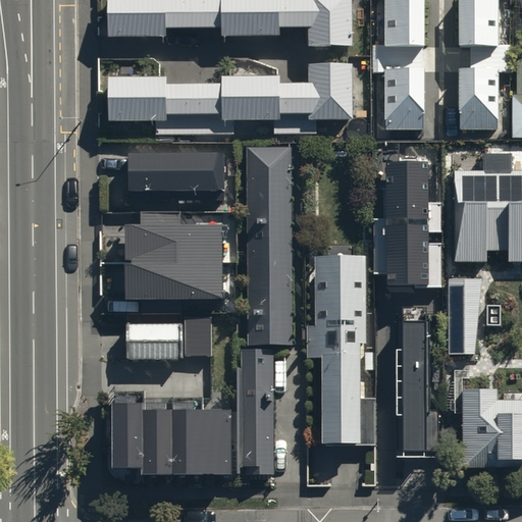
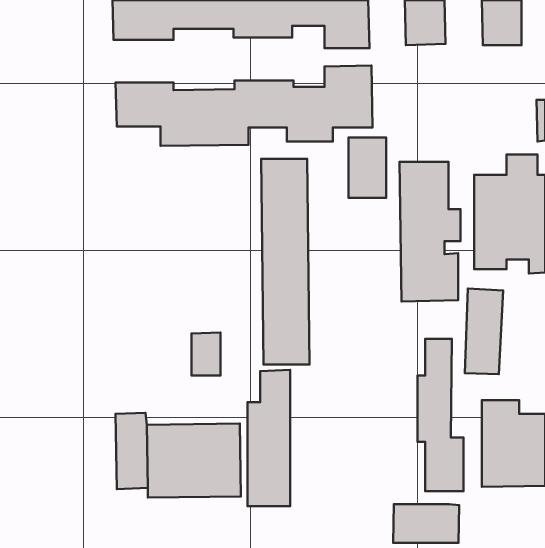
building: [385,69,421,126] -> [349,138,386,198]
building: [459,70,499,127] -> none
building: [129,152,224,197] -> none
building: [122,218,220,295] -> none
building: [306,256,373,445] -> none
building: [122,316,180,357] -> none
building: none -> [393,504,459,543]

